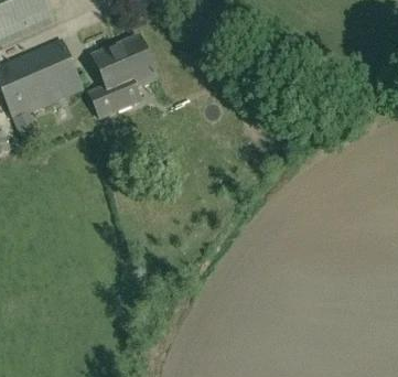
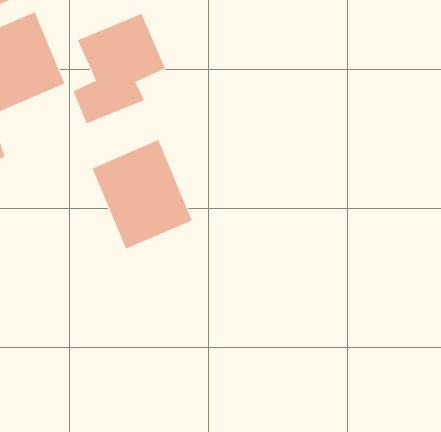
building: none -> [92,139,193,250]

